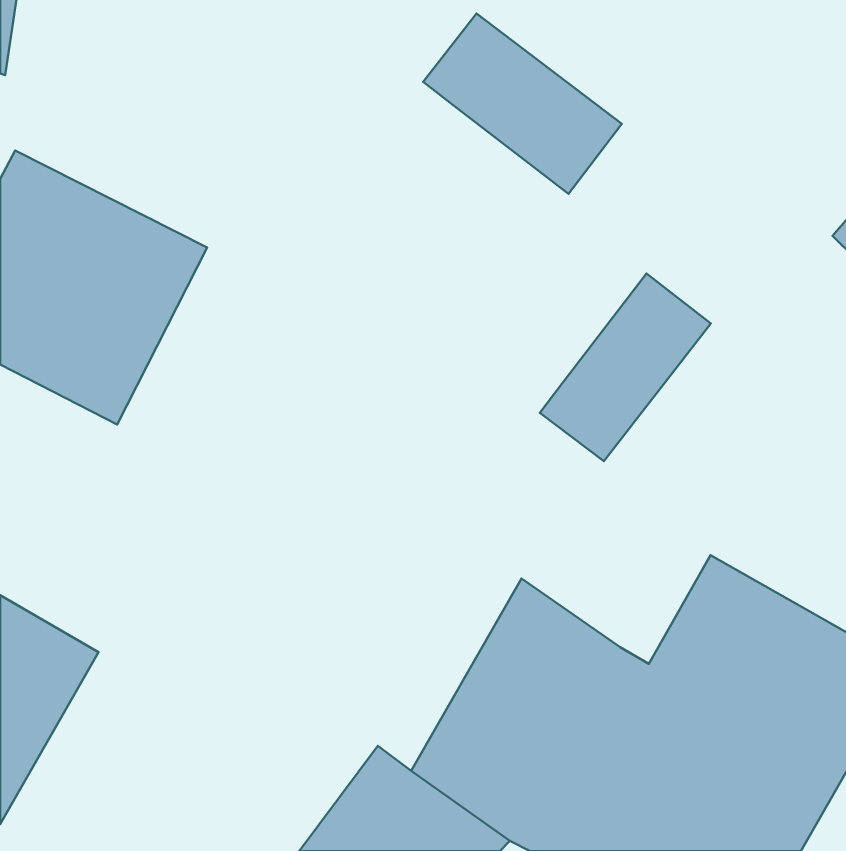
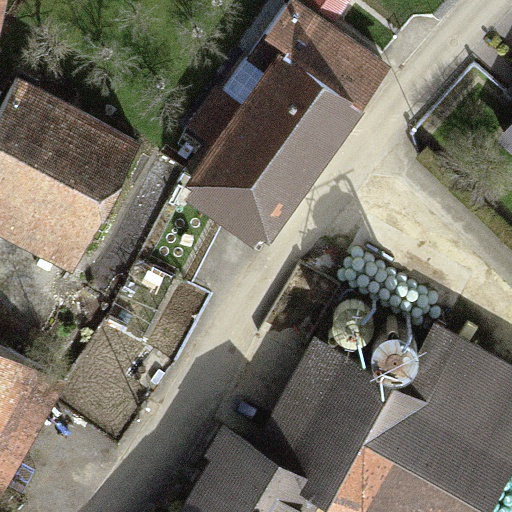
building: none -> [177,63,345,244]
building: [540,274,711,461] -> none

